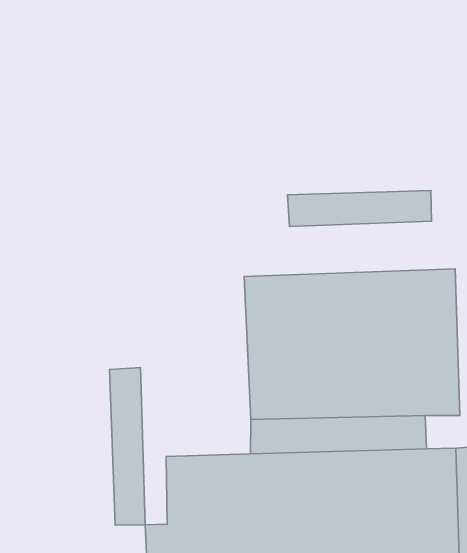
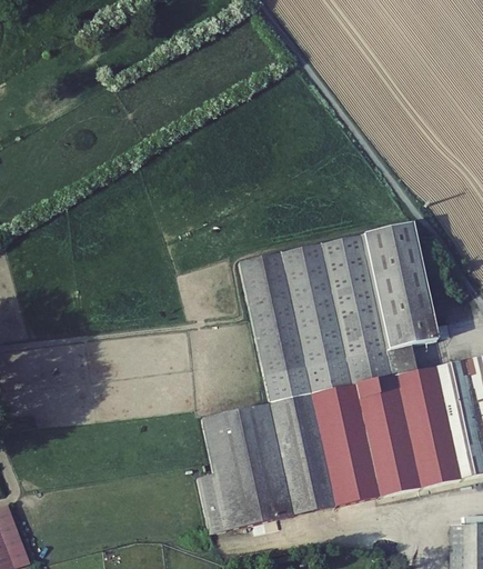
building: [287,190,431,227] -> none
building: [109,368,145,525] -> none

